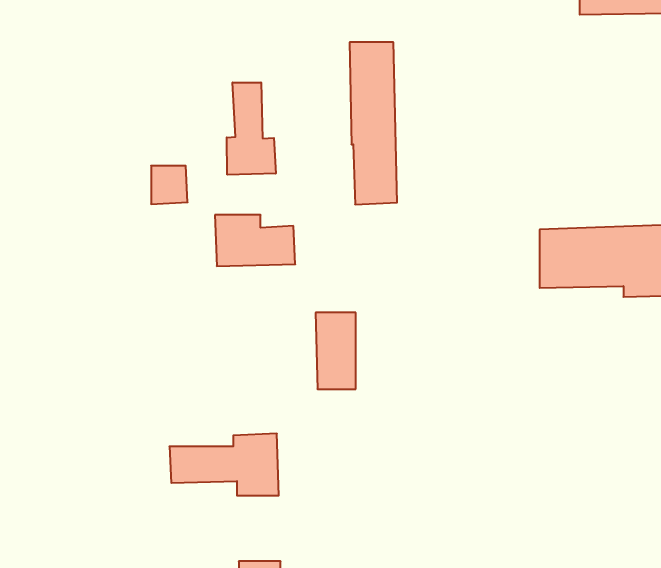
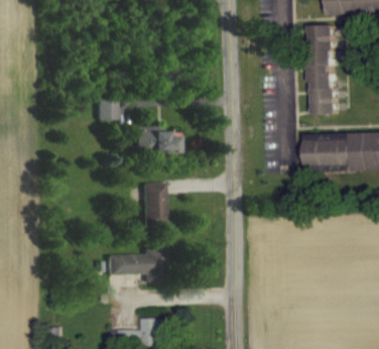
building: [350,42,397,204] -> [311,25,338,115]
building: [227,82,276,175] -> none
building: [316,313,356,389] -> [139,183,161,225]

